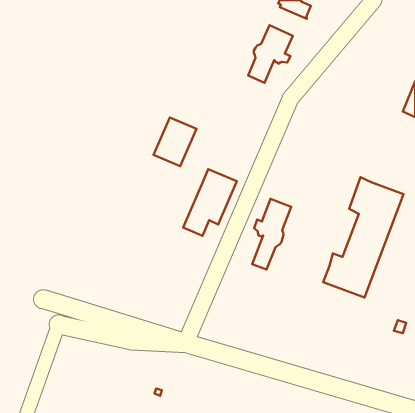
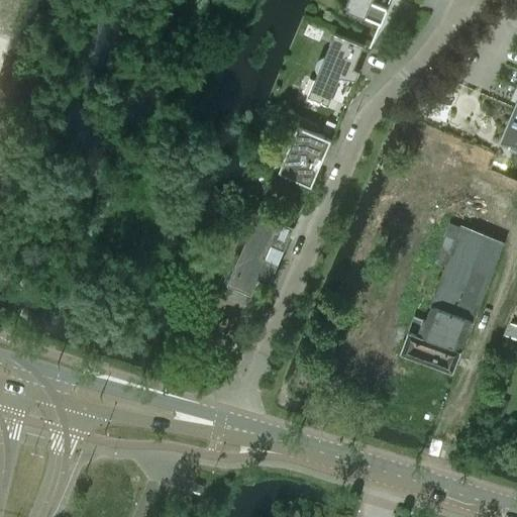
building: [153,117,197,166] -> [278,127,331,188]
building: [252,199,291,269] -> none

